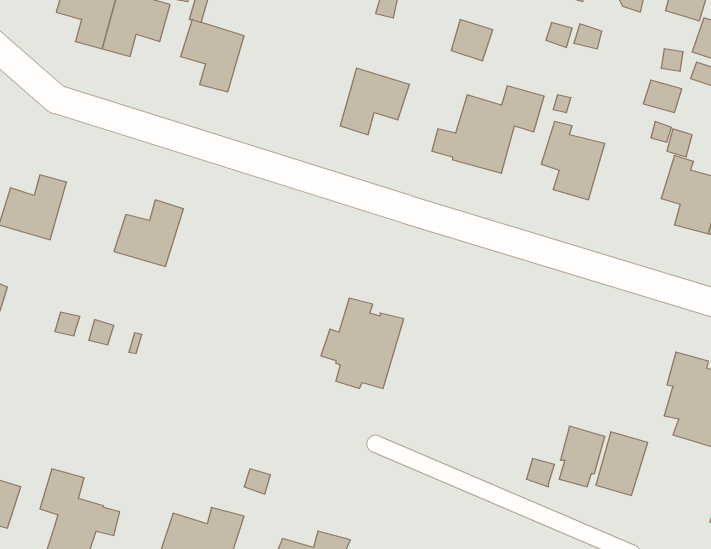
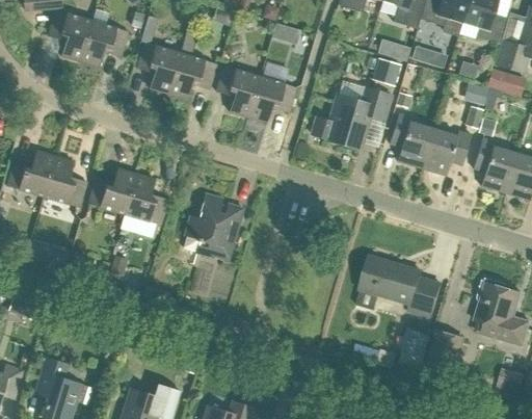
building: none -> [168,34,216,98]
building: [451,19,493,61] -> [370,57,399,86]
building: none -> [215,64,259,115]
building: none -> [422,128,470,174]
building: none -> [44,155,87,207]
building: none -> [125,174,169,226]
building: [321,298,404,388] -> [186,194,244,258]
building: none -> [362,256,442,317]

